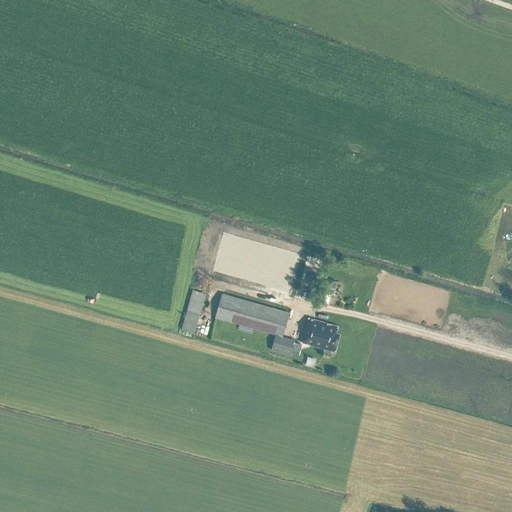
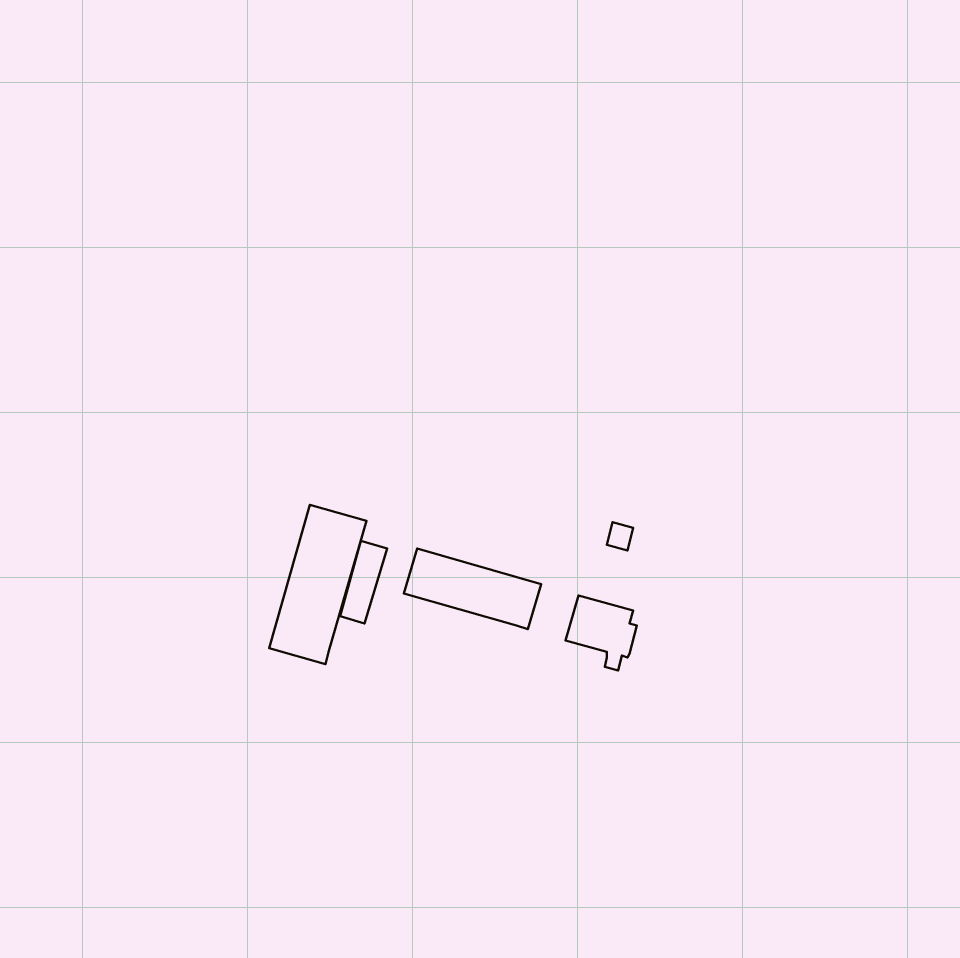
building: none -> [269,505,367,664]
building: [271,334,300,356] -> none

